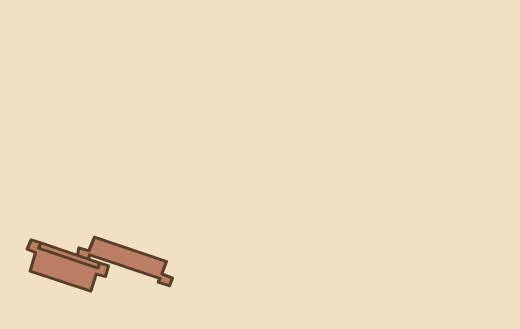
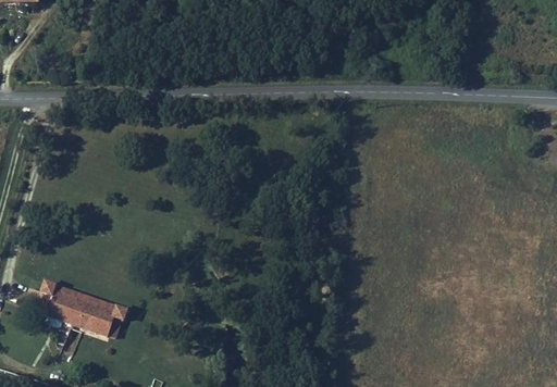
building: [77,237,172,286] -> none

